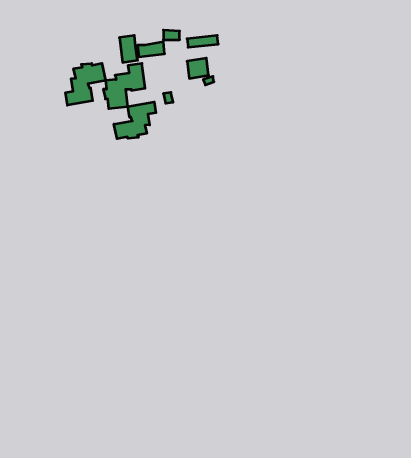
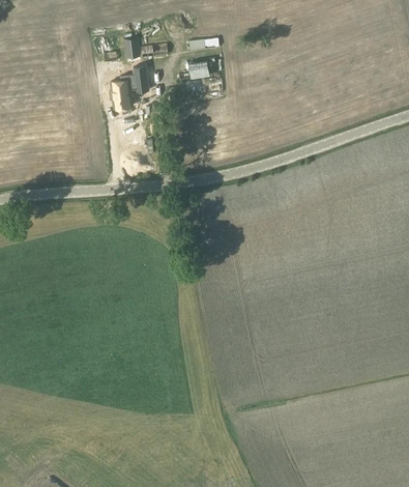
building: [66,63,105,105] -> none
building: [114,102,156,139] -> none

